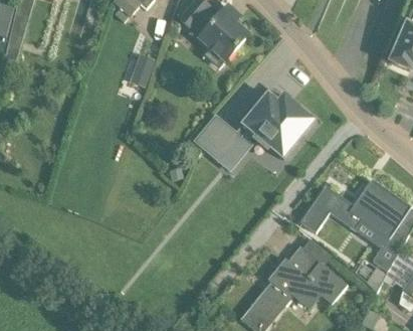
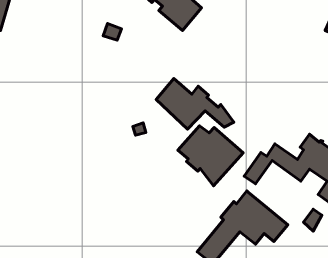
building: [243,96,319,165] -> [178,126,243,186]

